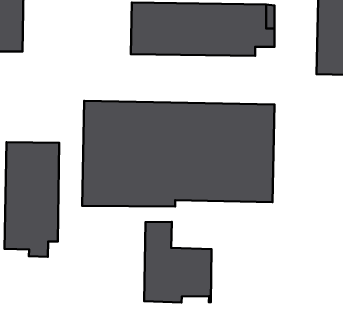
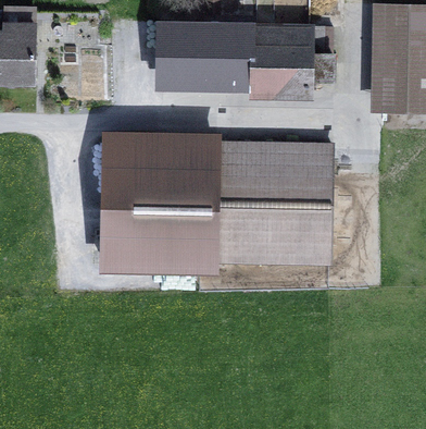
building: [5,142,59,257] -> none
building: [144,222,211,302] -> none

